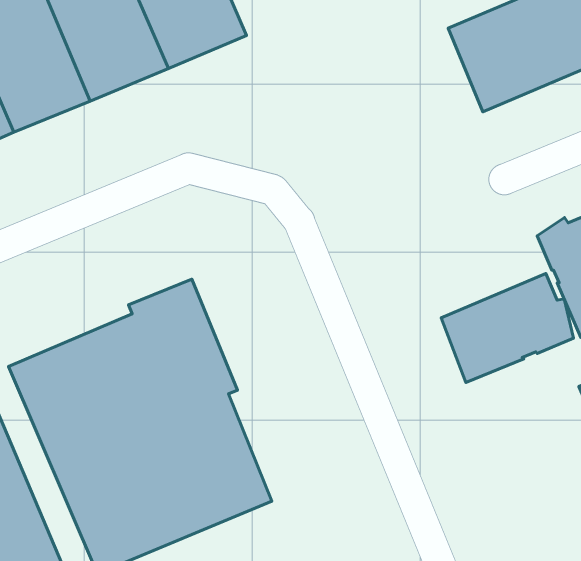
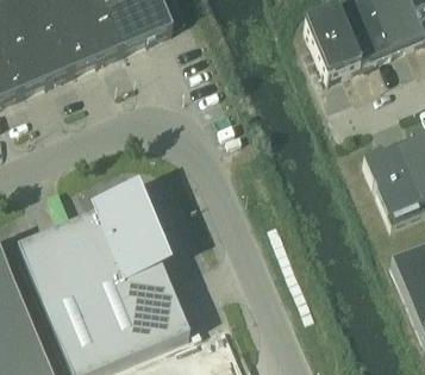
building: [441,273,574,383] -> none

